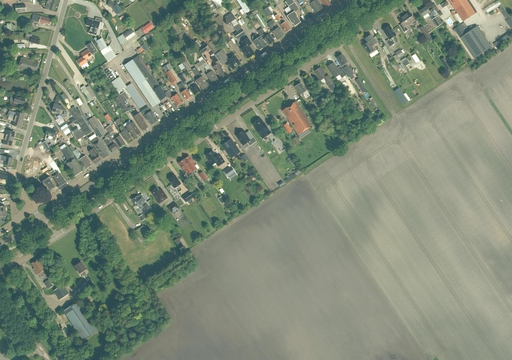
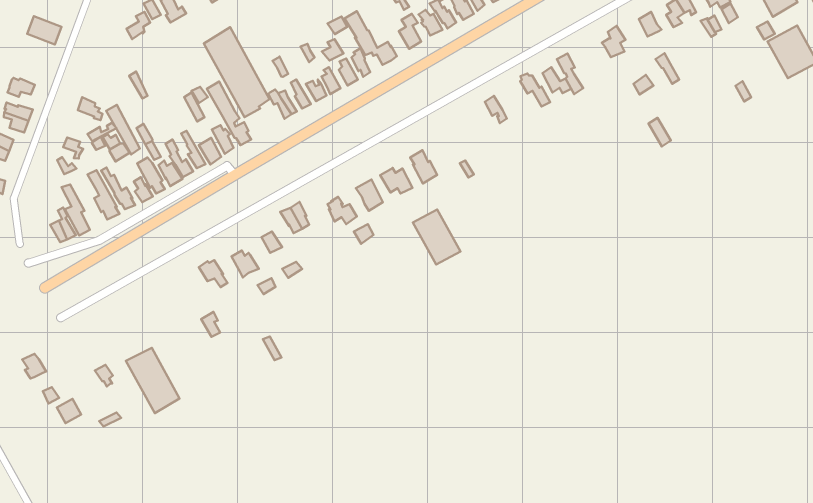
building: [282,101,312,134] -> [413,209,461,264]
building: [63,301,97,340] -> [126,348,180,413]

